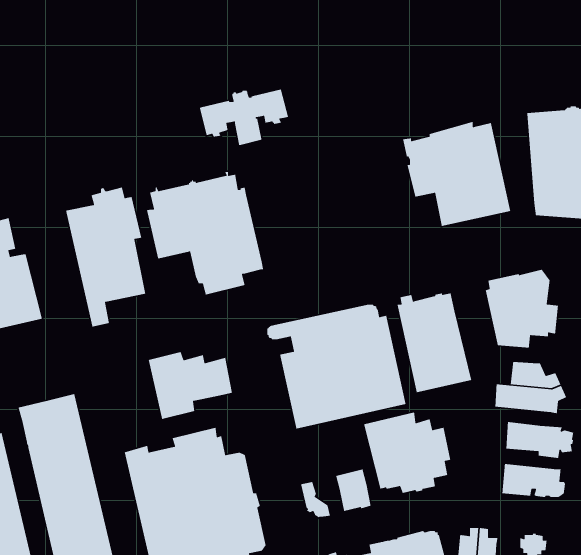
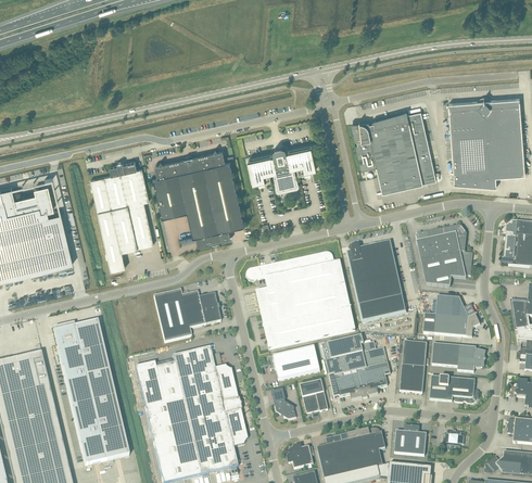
building: [199,89,289,146] -> [248,144,317,189]
building: none -> [398,340,427,392]
building: none -> [267,345,320,380]

